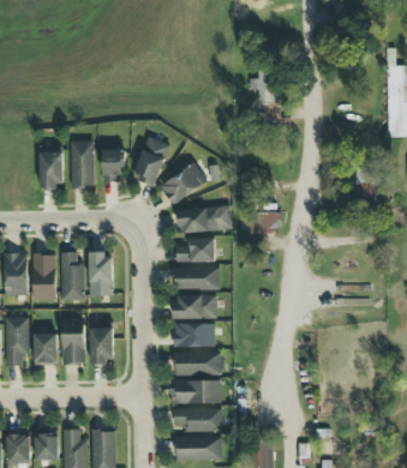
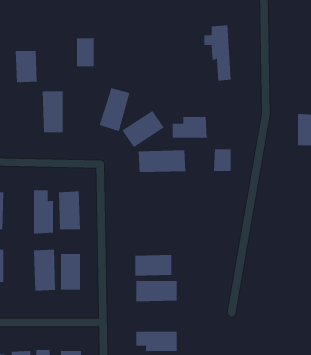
building: [102,149,122,181] -> [76,38,94,67]
building: [38,151,64,187] -> [15,51,38,83]
building: [175,238,215,262] -> [172,117,207,138]
building: [32,253,55,299] -> none
building: [172,266,220,289] -> none
building: [174,294,216,318] -> none
building: [32,332,56,364] -> none
building: [174,379,221,403] -> none

